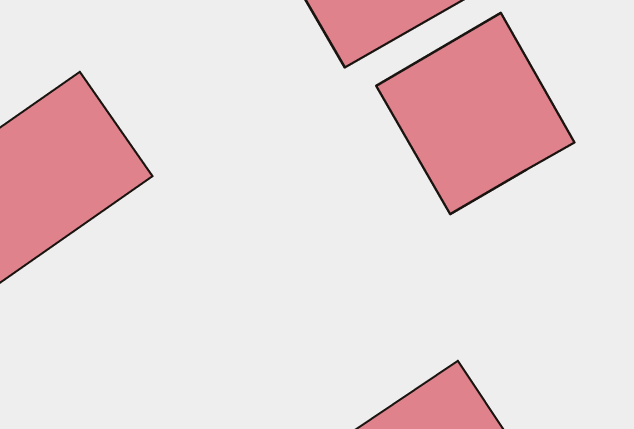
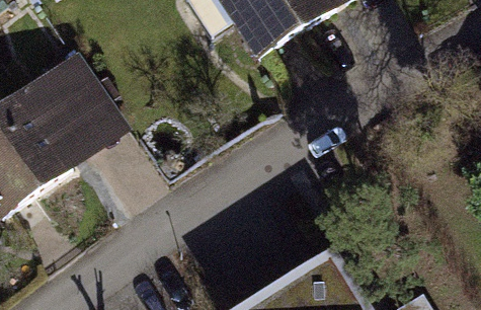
building: [376,13,574,214] -> none

